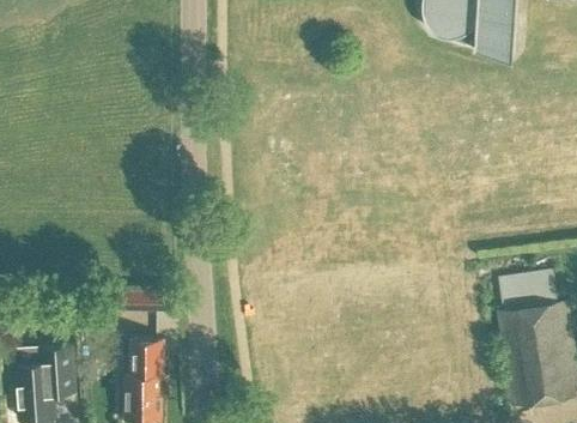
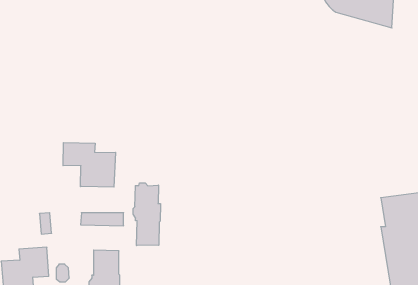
building: none -> [63,143,116,187]
building: none -> [133,183,160,246]

